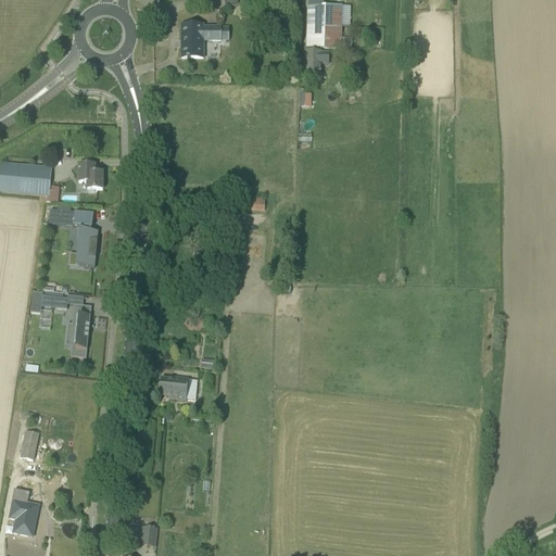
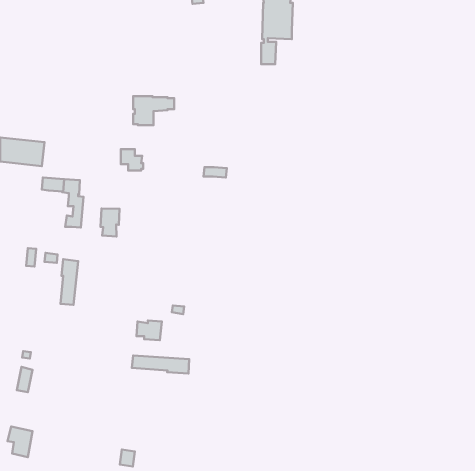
building: [181,23,229,56] -> [133,96,174,125]
building: [78,163,104,188] -> [121,149,143,171]
building: none -> [100,209,120,236]
building: none -> [132,356,189,373]

